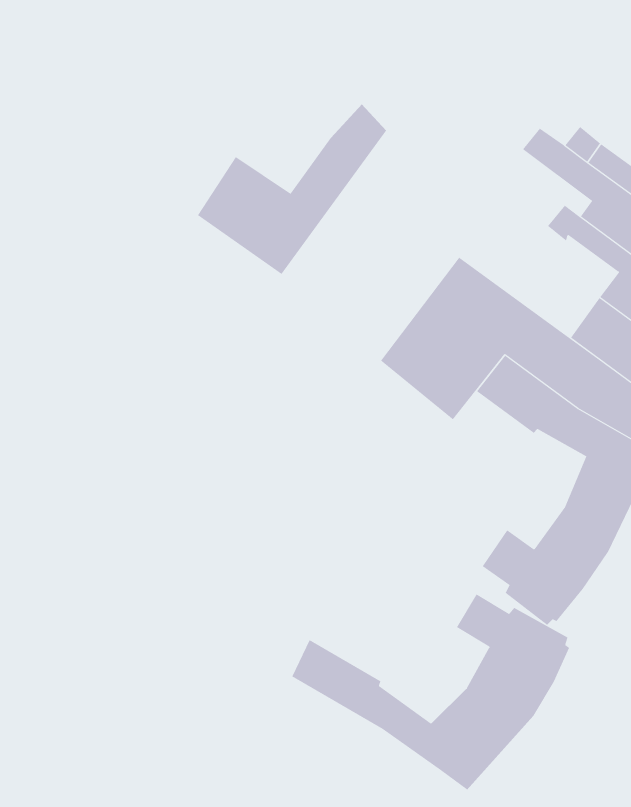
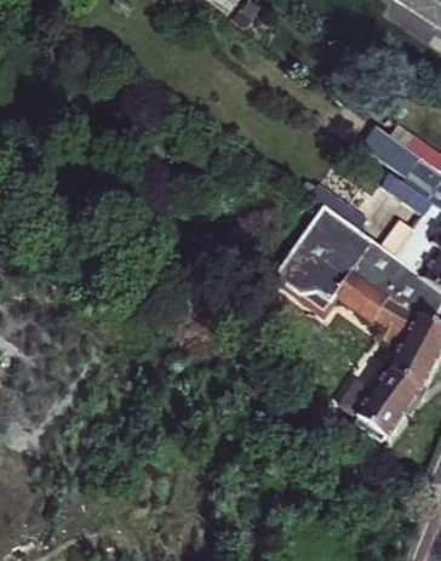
building: [197,104,387,275] -> none
building: [291,594,570,790] -> none

